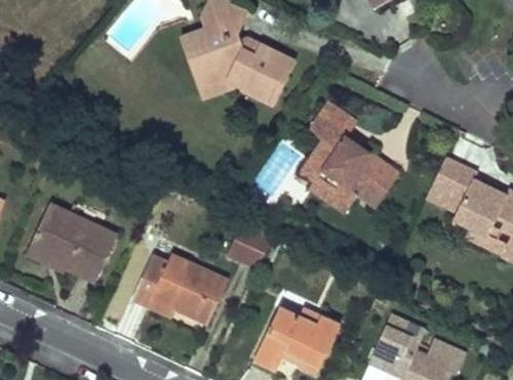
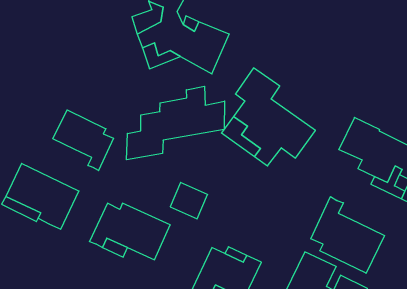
building: none -> [127,86,225,160]
building: none -> [53,110,114,171]
building: none -> [311,197,385,273]

